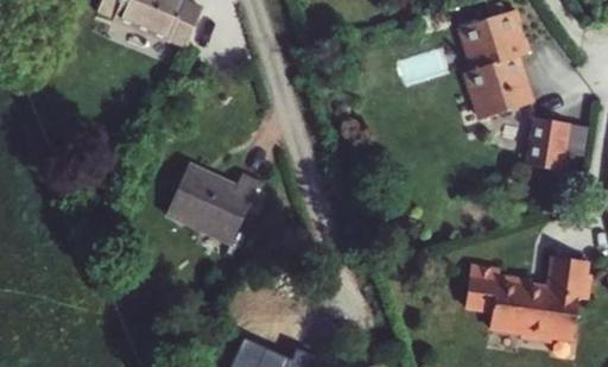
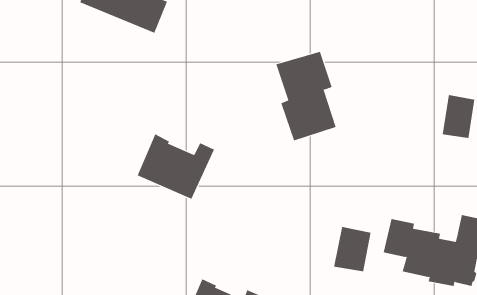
building: [461,11,533,118] -> [275,51,337,141]
building: none -> [333,226,371,272]

